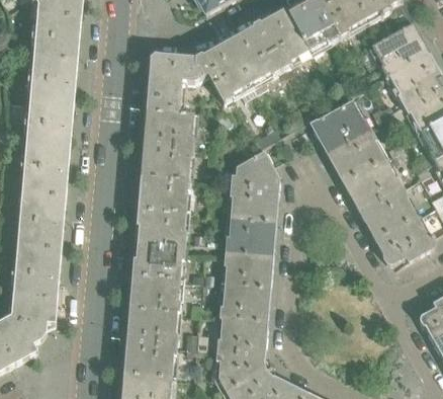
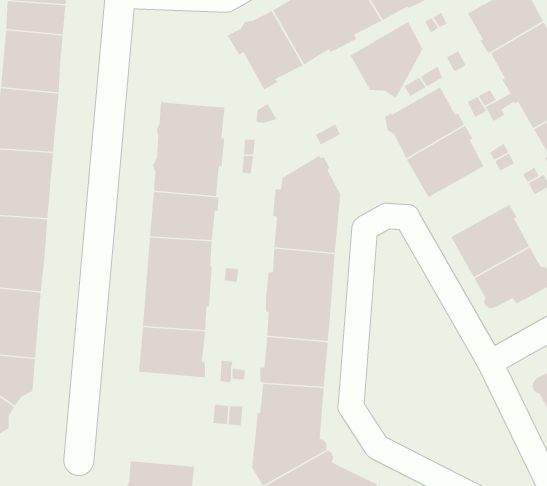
building: none -> [350,21,424,99]
building: [148,56,205,113] -> none
building: [344,158,404,210] -> none
building: [125,309,178,378] -> none

